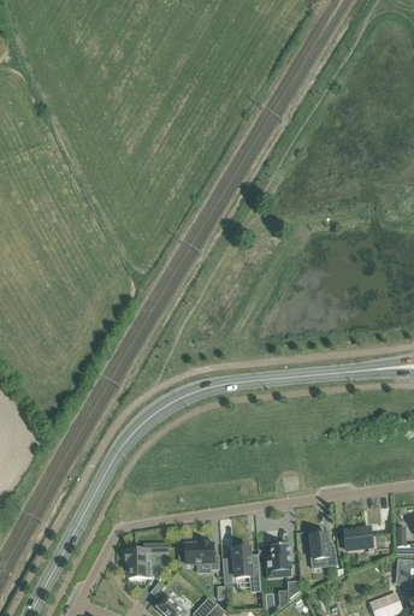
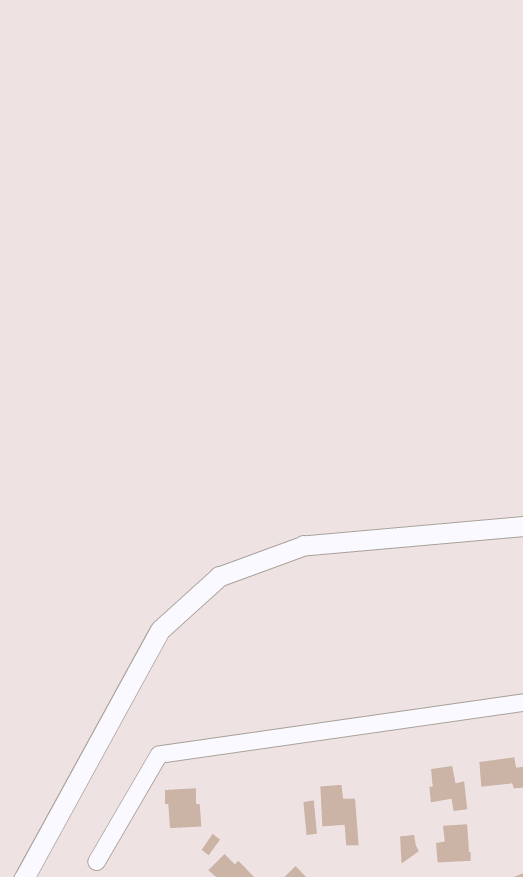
building: [185,541,219,570] -> none
building: [266,544,291,571] -> [435,823,471,863]

